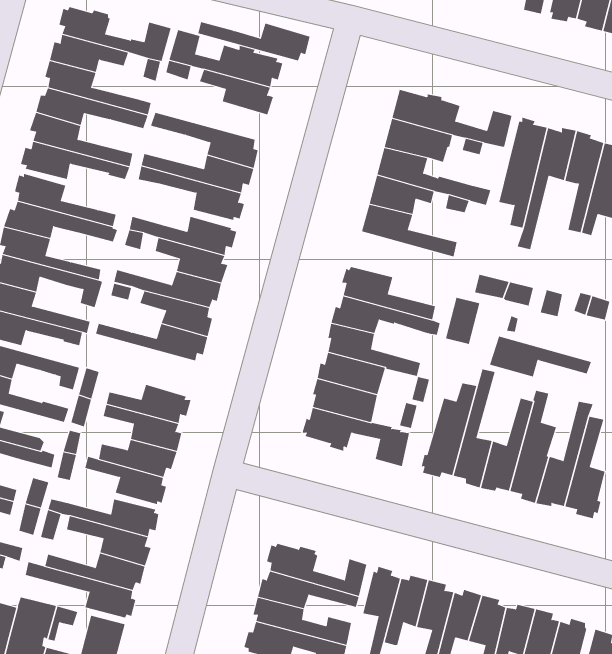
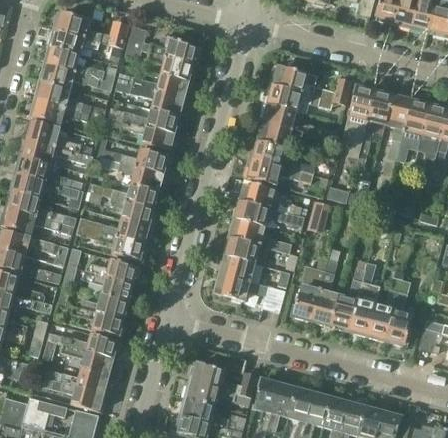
building: [197,21,311,61] -> [117,72,191,98]
building: none -> [76,225,146,261]
building: [489,336,592,377] -> [246,158,313,185]

